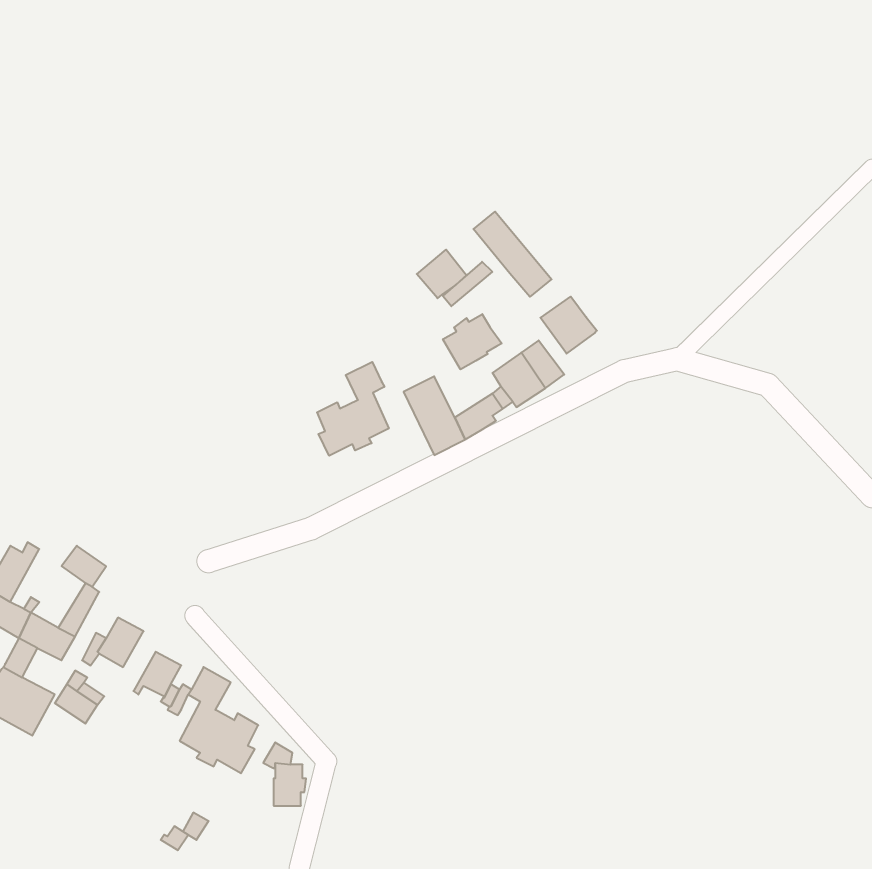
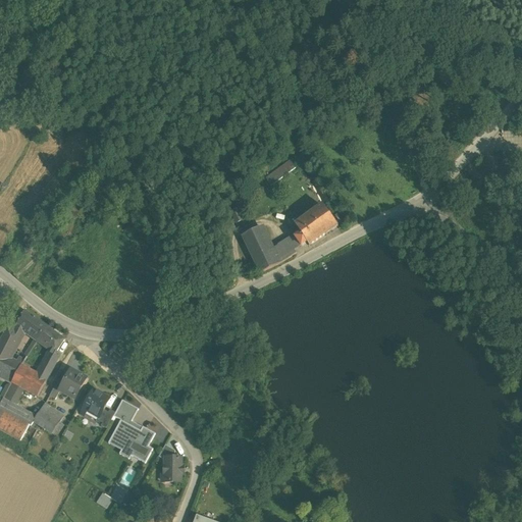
building: [473,212,552,297] -> none
building: [417,250,466,298] -> none
building: [540,297,597,354] -> none
building: [443,314,502,369] -> none
building: [317,362,389,456] -> none
building: none -> [16,309,46,337]

